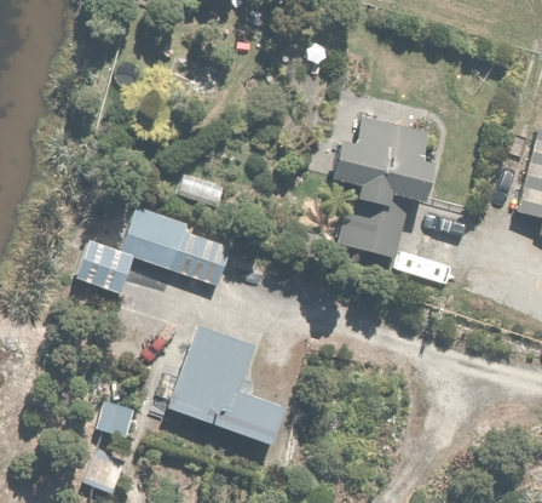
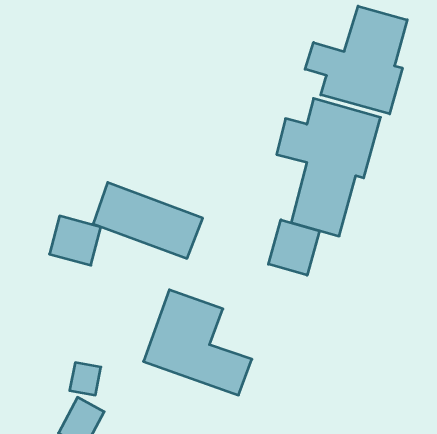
building: none -> [305,6,407,114]
building: none -> [268,220,319,275]

